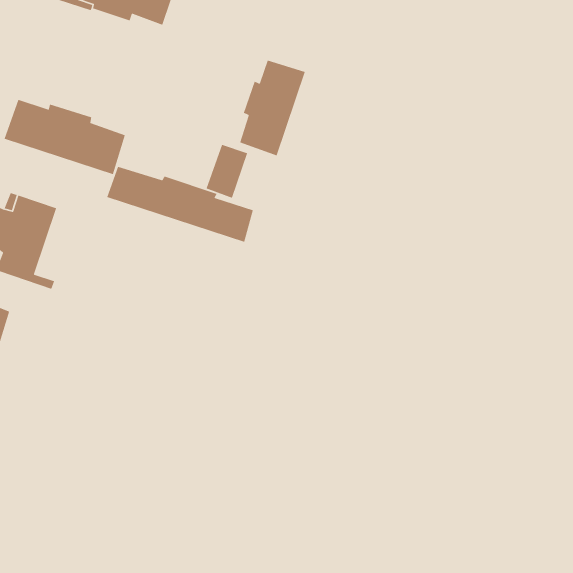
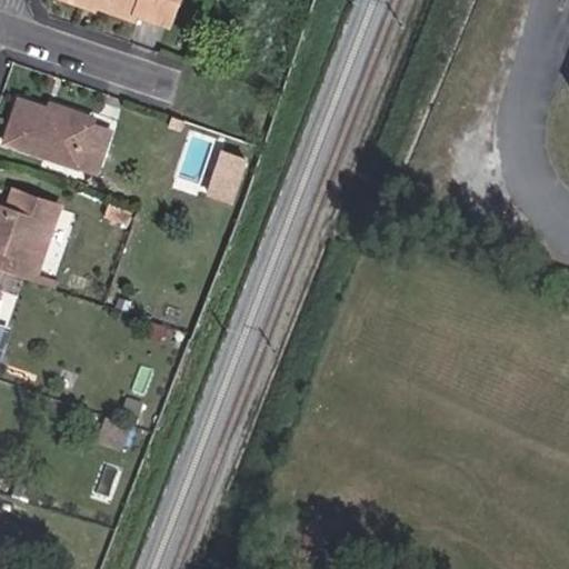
building: [239,59,306,156] -> none
building: [106,166,254,243] -> none

